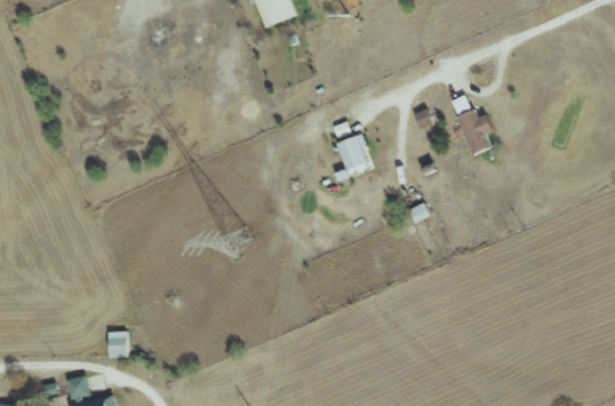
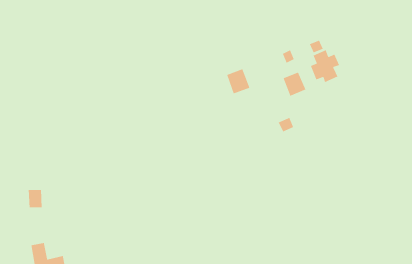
building: none -> [282,71,306,97]
building: [107,330,127,357] -> [28,189,43,208]

